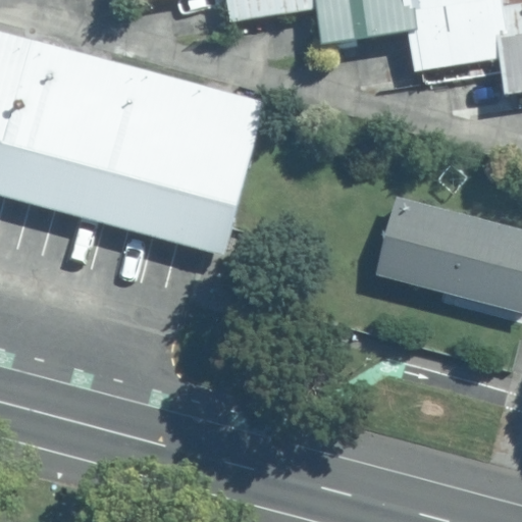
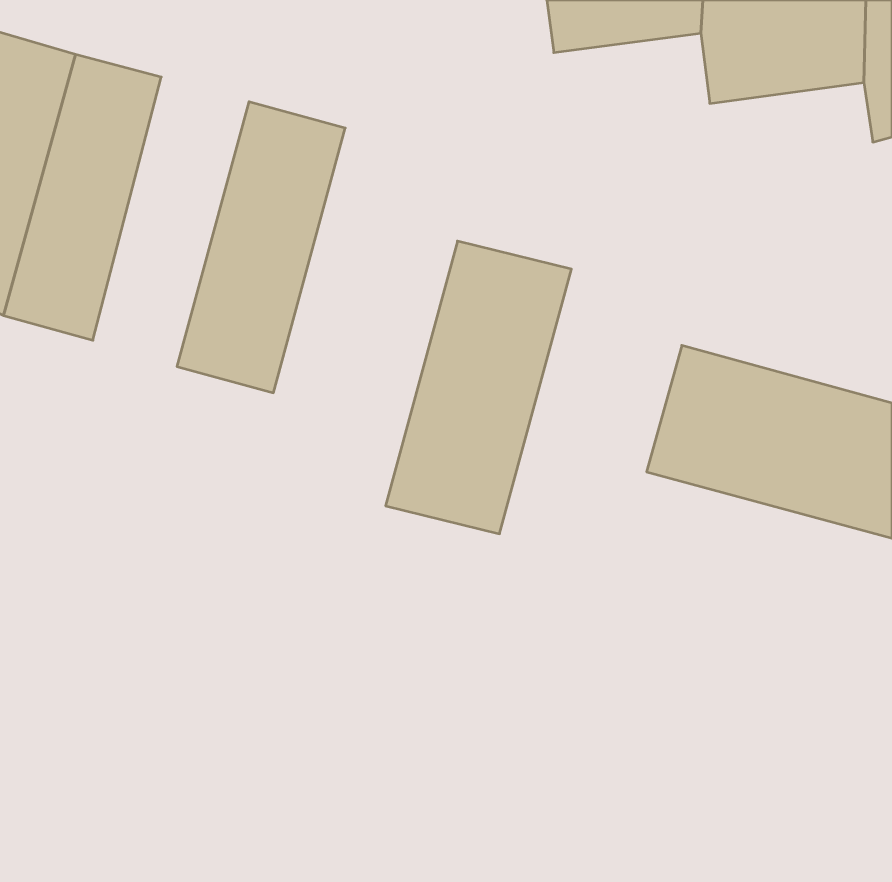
building: [54,53,145,221] -> none
building: [159,83,267,253] -> [386,241,571,534]

